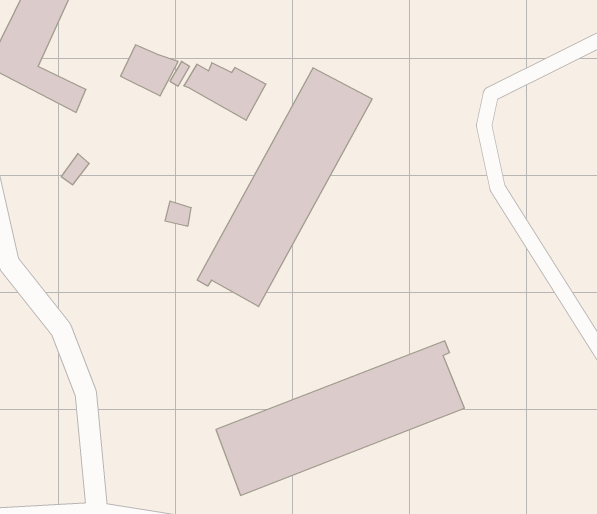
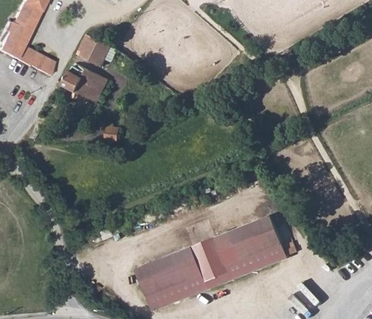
building: [184,63,266,120] -> [60,67,110,102]
building: [197,68,372,307] -> none

